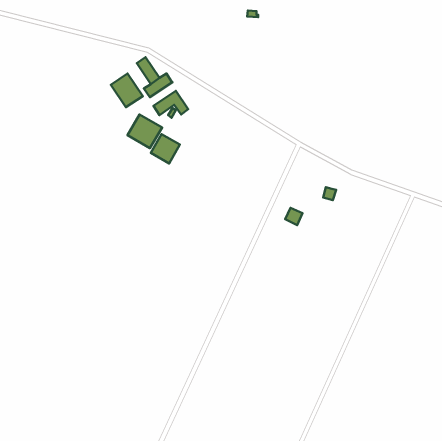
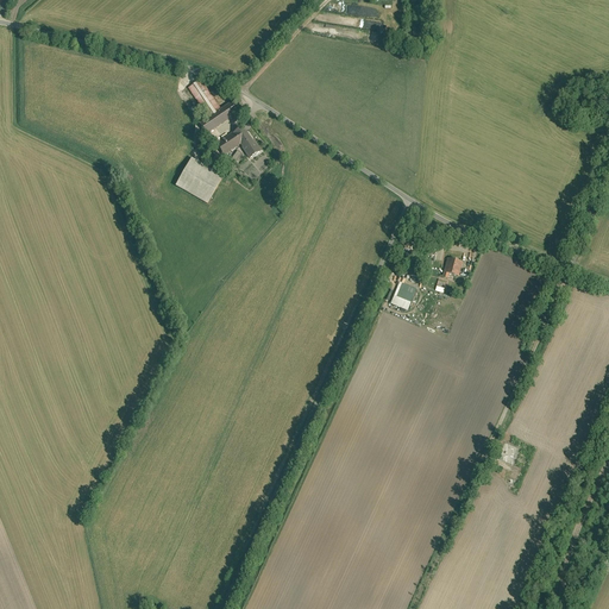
building: [111,74,143,107] -> none
building: [151,134,180,163] -> none

